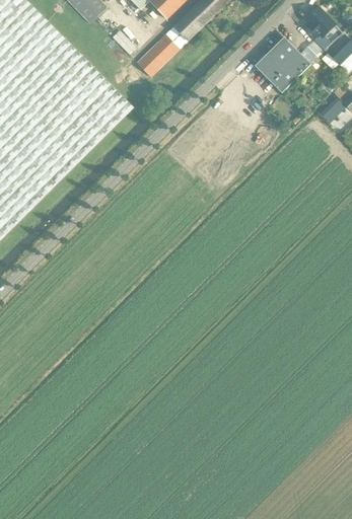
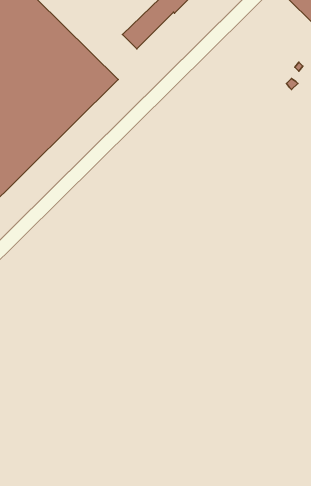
building: [256,36,311,92] -> none

